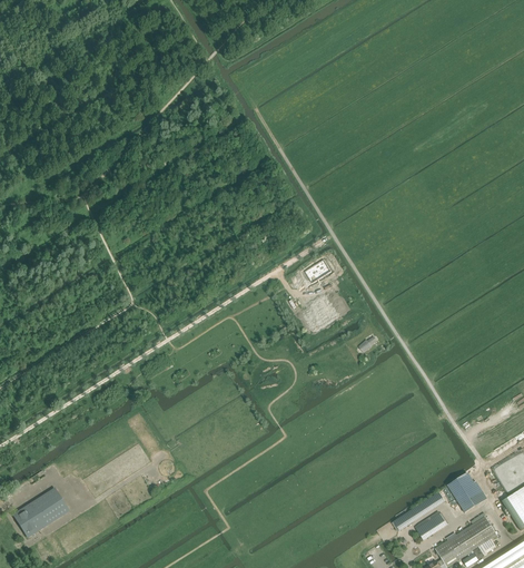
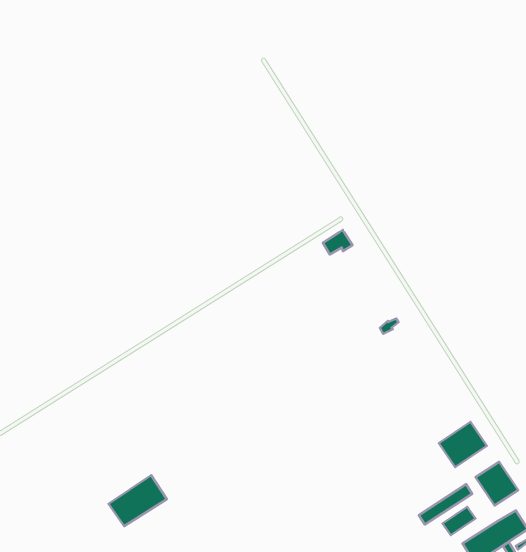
building: none -> [439,422,487,467]
building: [13,487,68,535] -> [109,475,167,526]

